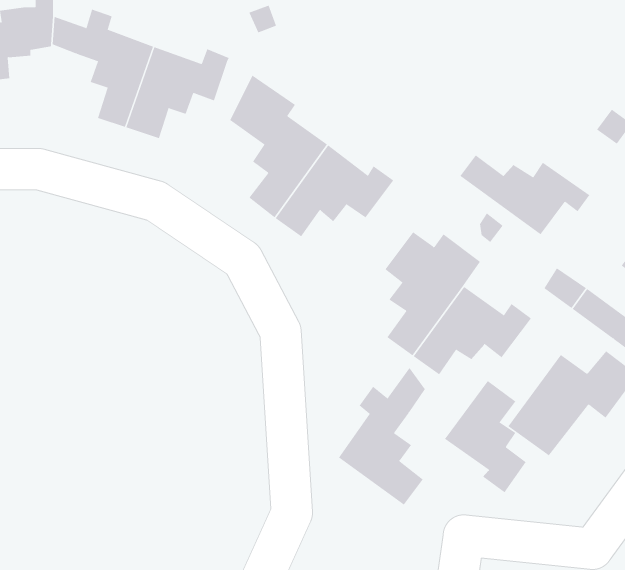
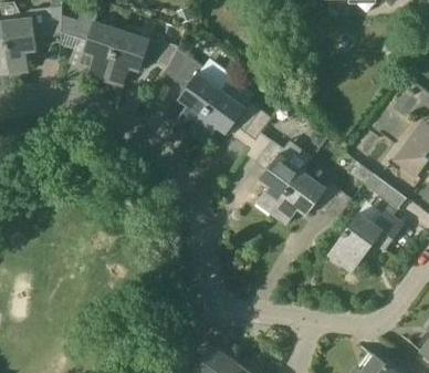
building: [460,154,590,235] -> none
building: [338,367,426,506] -> none
building: [444,380,526,493] -> none

